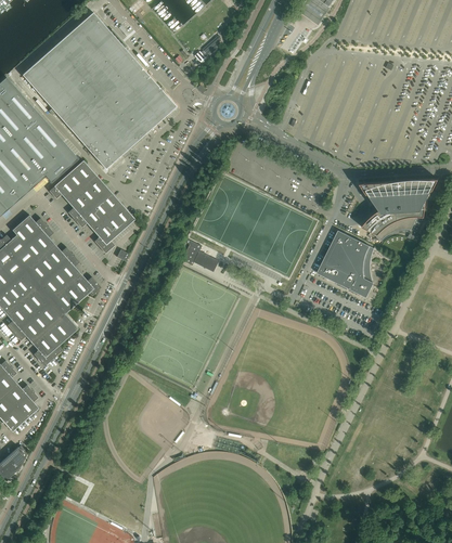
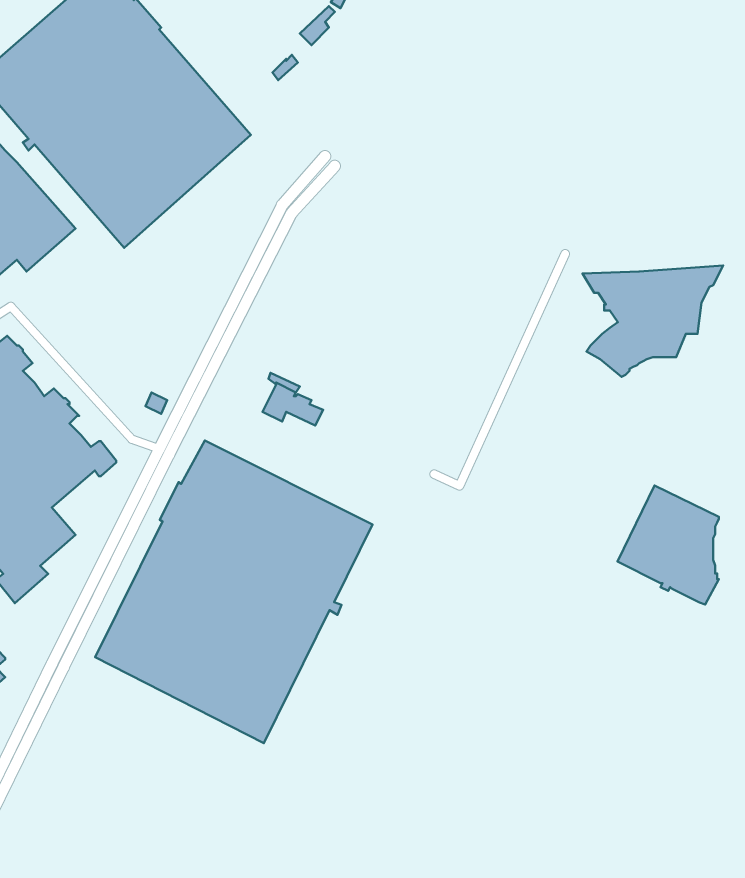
building: [48,160,134,254] -> none
building: [317,231,373,297] -> [618,486,719,605]
building: none -> [95,440,373,743]

